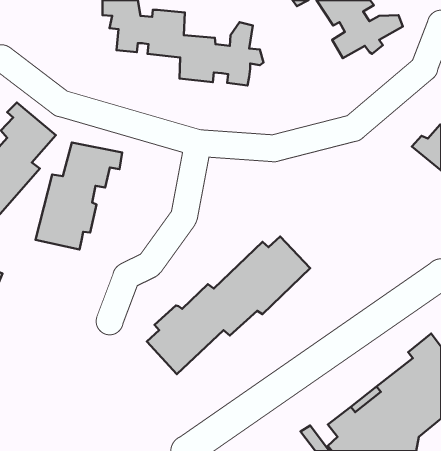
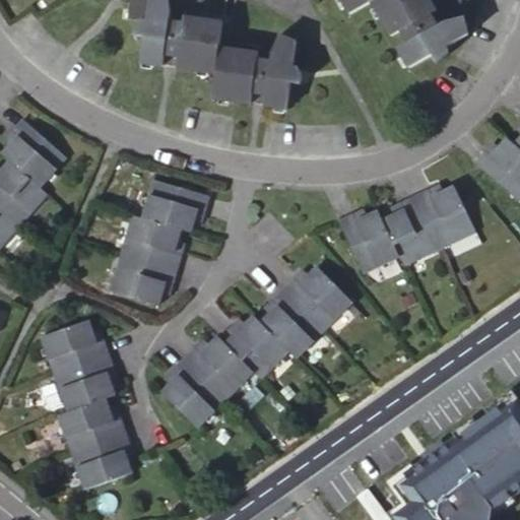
building: [35,143,122,249] -> [113,176,212,299]
building: none -> [337,192,475,278]
building: none -> [42,316,143,490]

